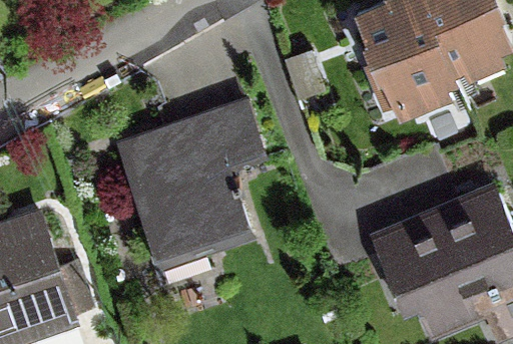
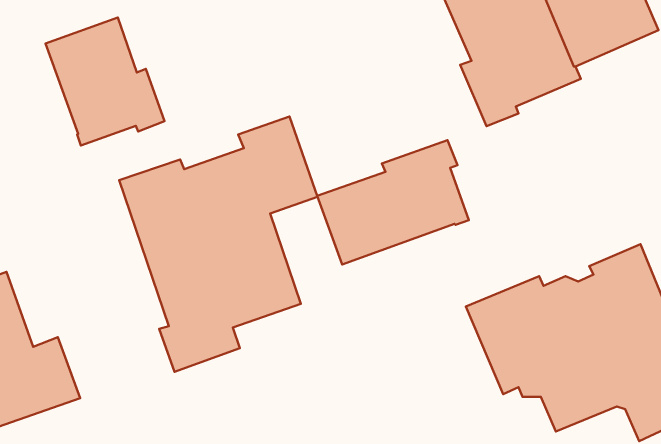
building: none -> [45,17,164,145]
building: none -> [317,140,469,264]

